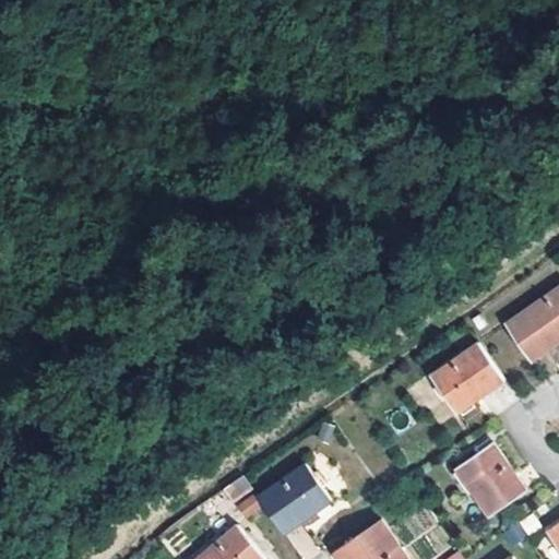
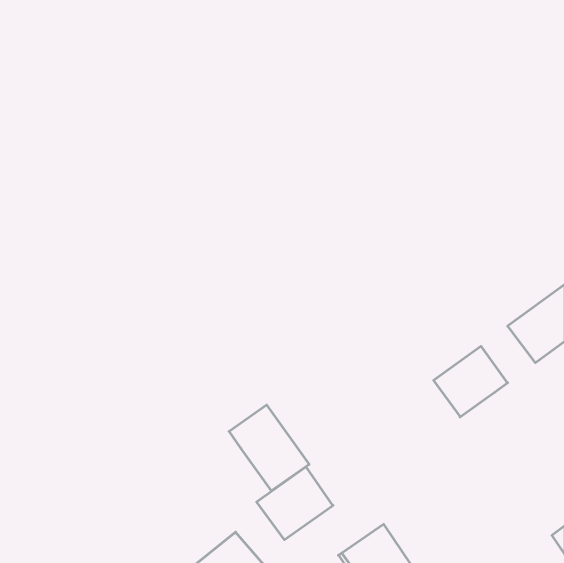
building: none -> [229,405,309,491]
building: [456,442,527,516] -> none

